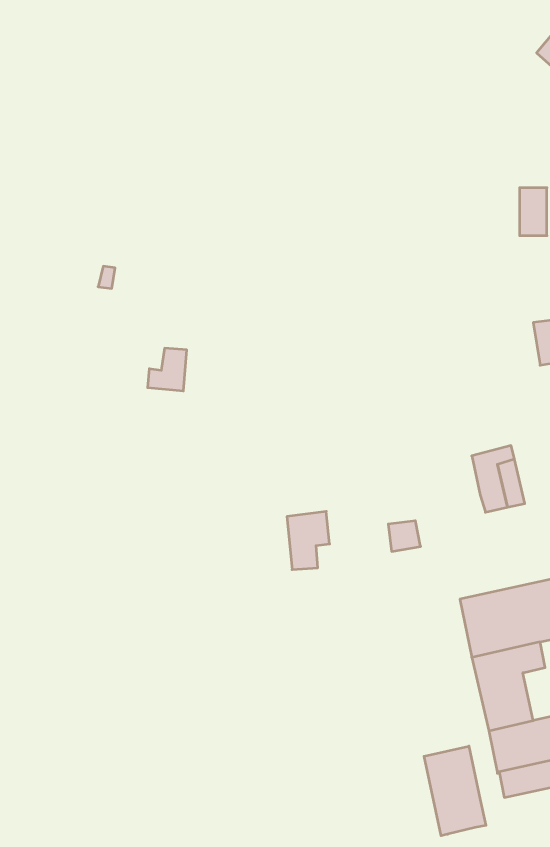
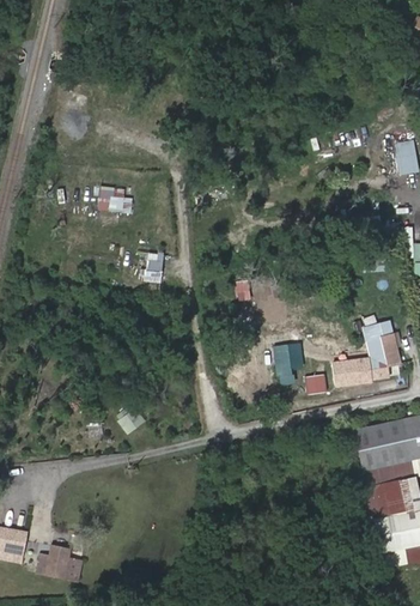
building: none -> [331,347,373,384]
building: [287,511,330,570] -> [273,344,303,384]
building: [424,746,486,836] -> none
building: none -> [38,547,81,582]

